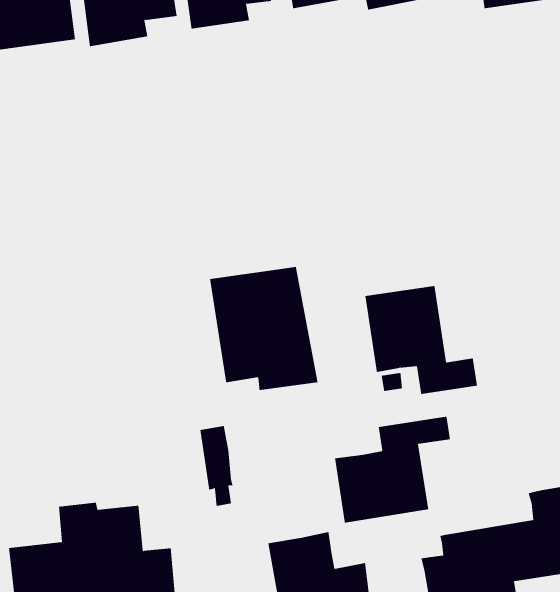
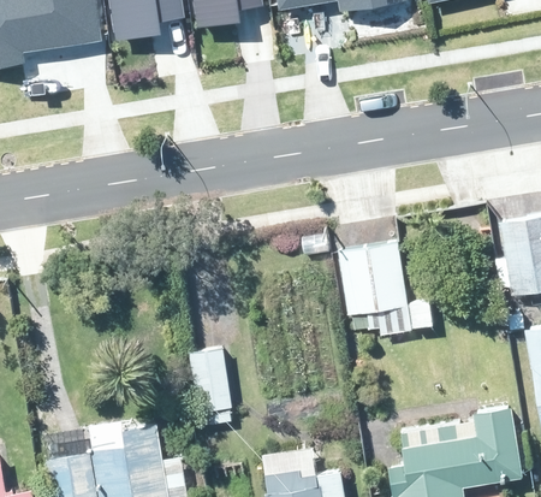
building: [210,266,318,391] -> none
building: [334,416,450,523] -> none

